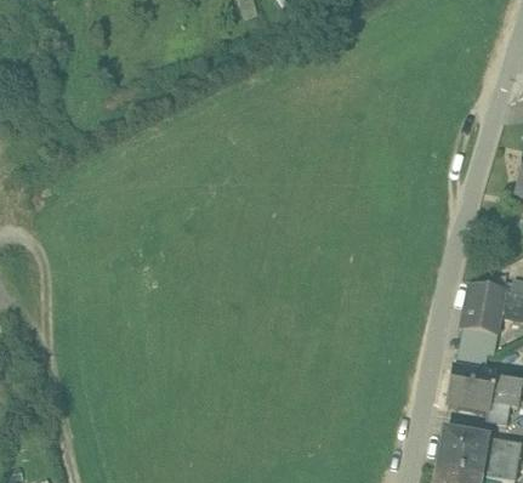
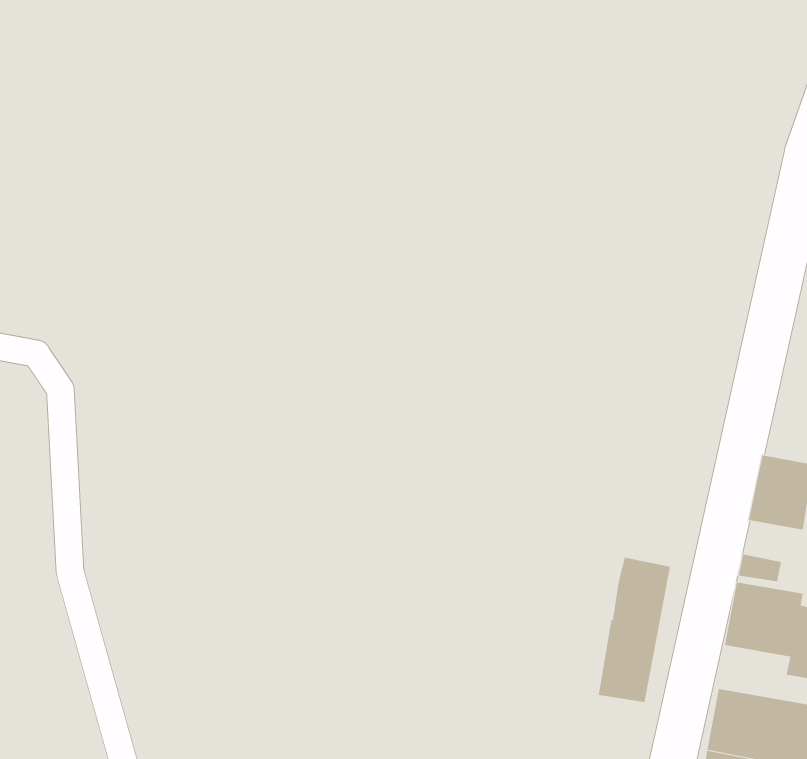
building: none -> [598,557,670,703]

